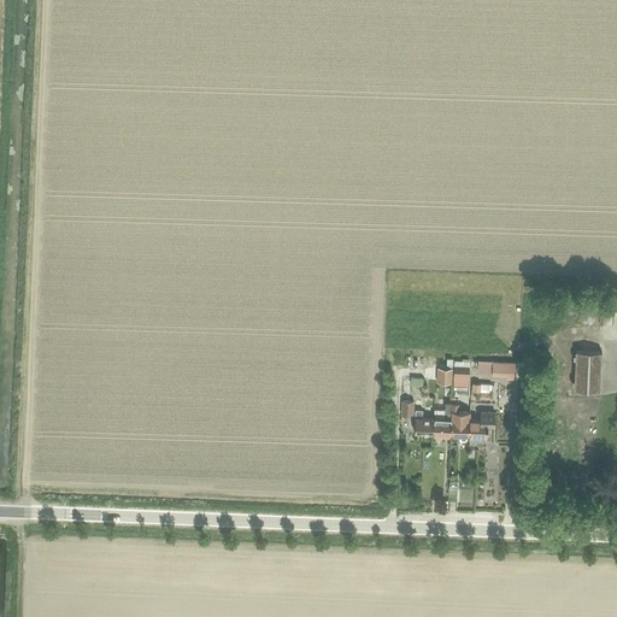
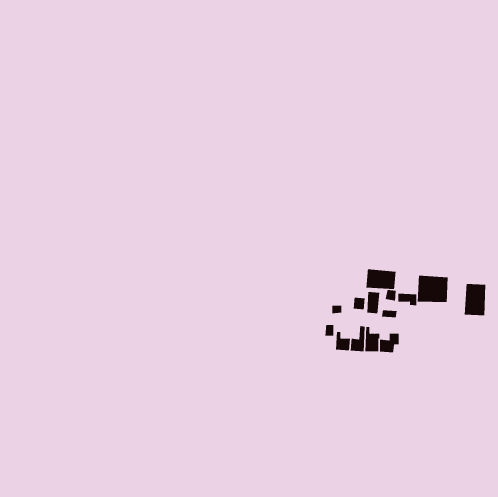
building: none -> [366,268,396,290]
building: none -> [417,275,448,303]

